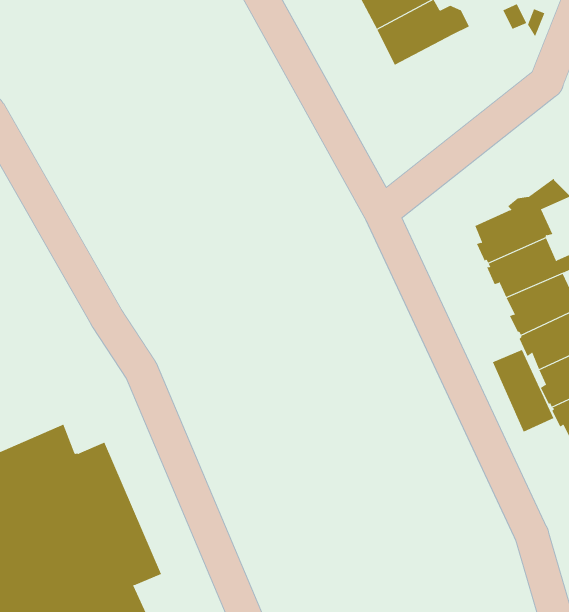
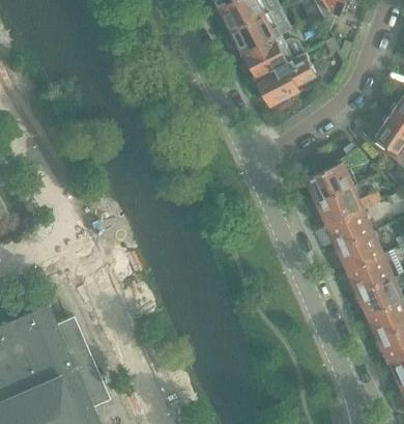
building: none -> [256,52,316,107]
building: [492,349,554,433] -> none

